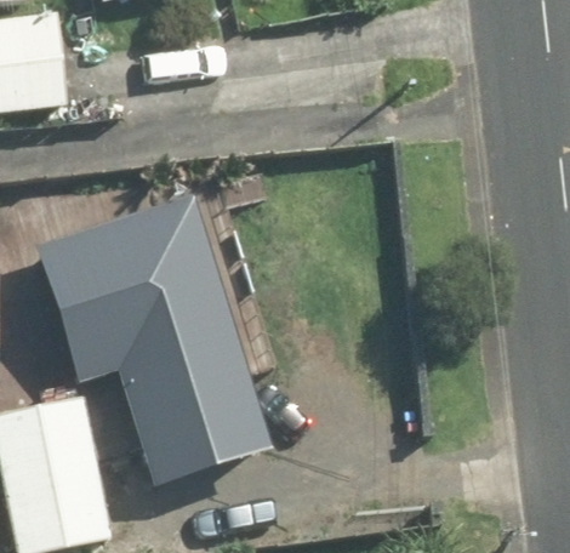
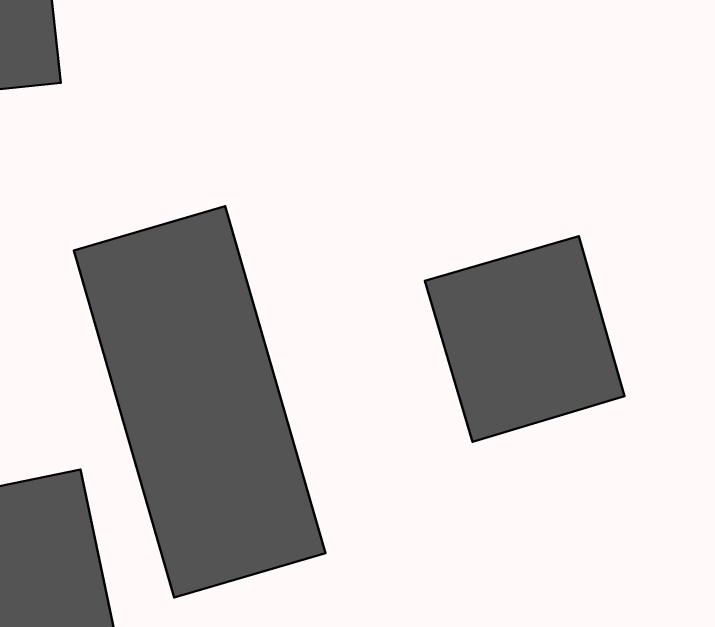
building: none -> [425,236,624,442]

